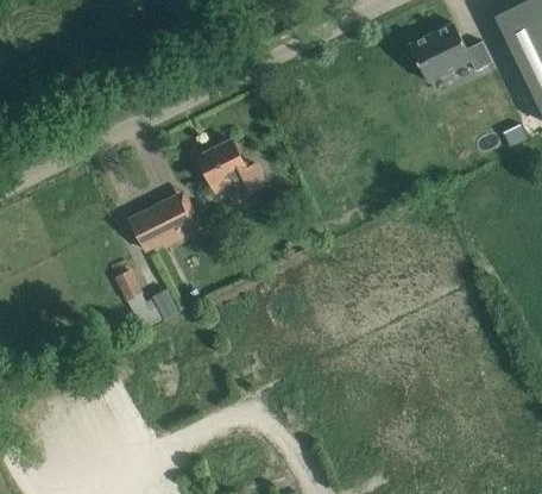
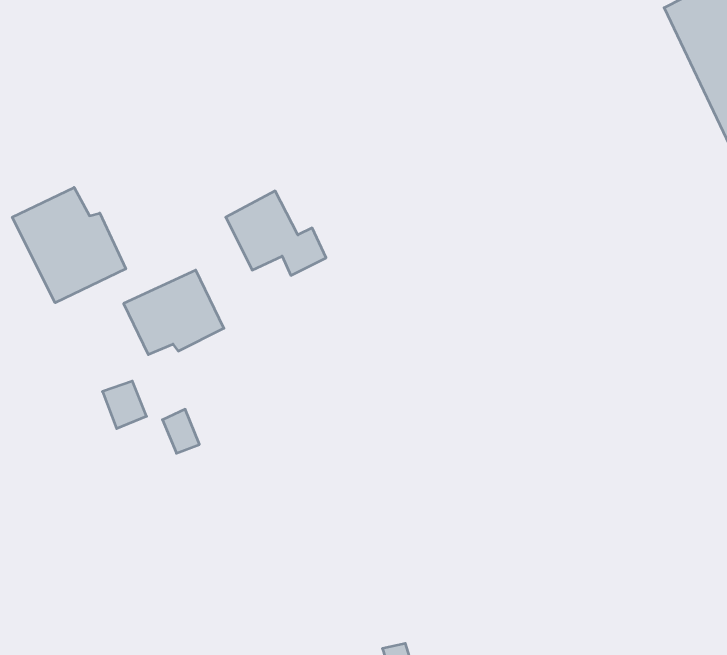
building: [410,23,493,81] -> none
building: none -> [12,187,126,303]

